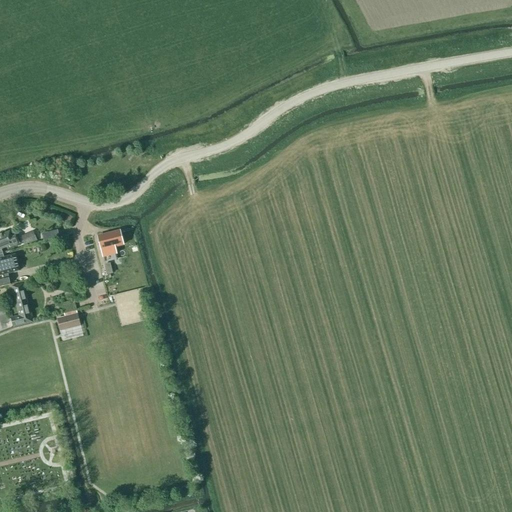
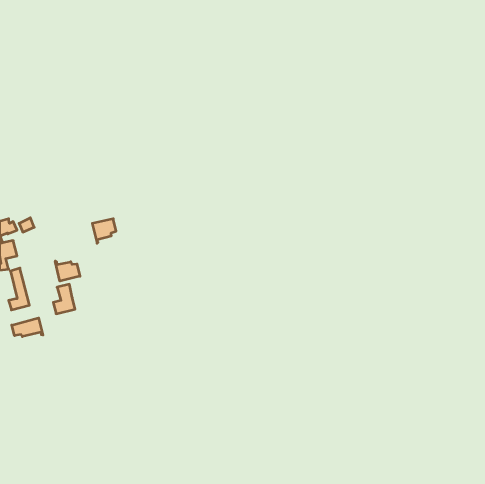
building: none -> [55,261,80,281]
building: none -> [12,318,43,337]

